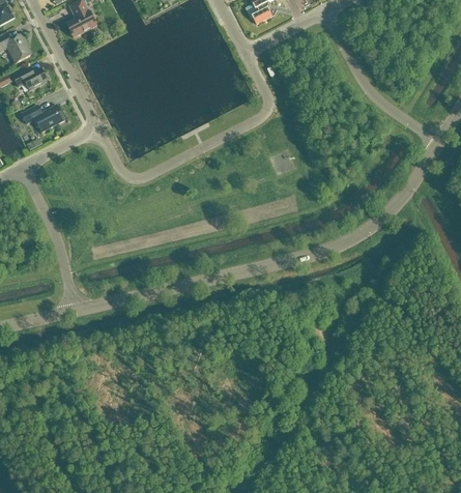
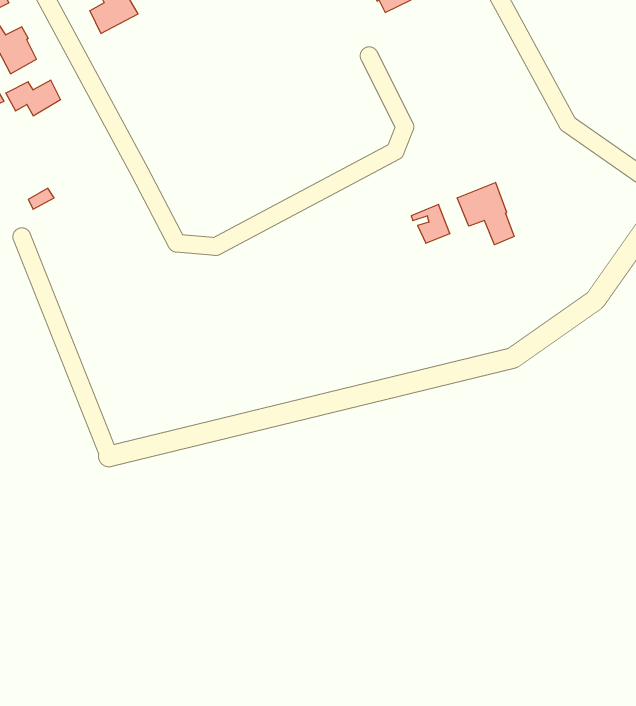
building: [21,104,64,132] -> none
building: none -> [457,182,514,245]

